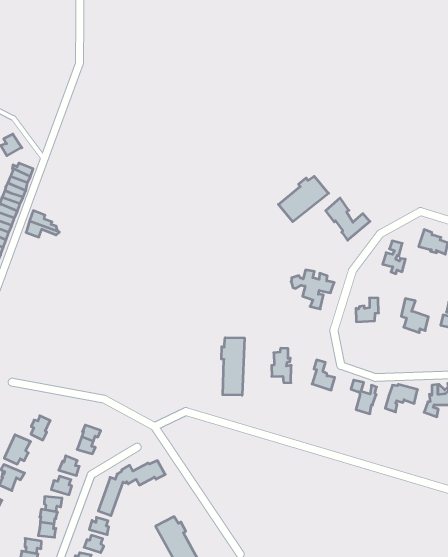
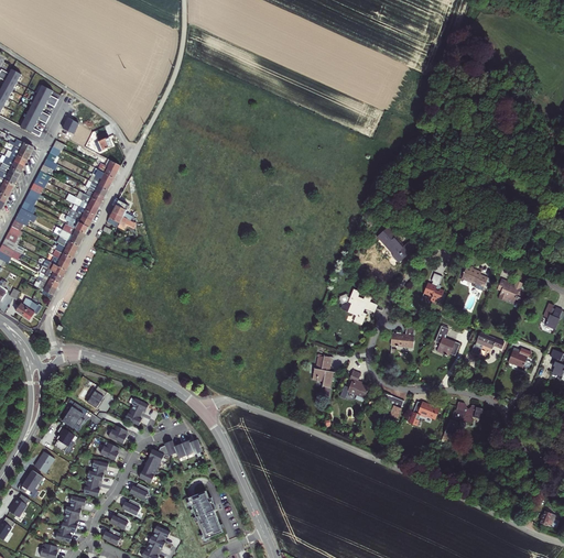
building: [278,176,329,222] -> none
building: [221,338,244,395] -> none

